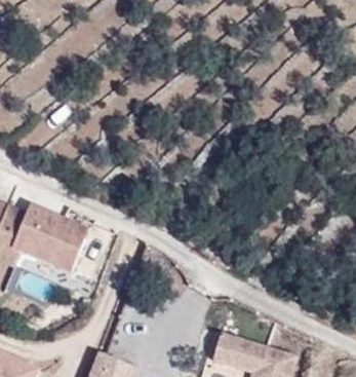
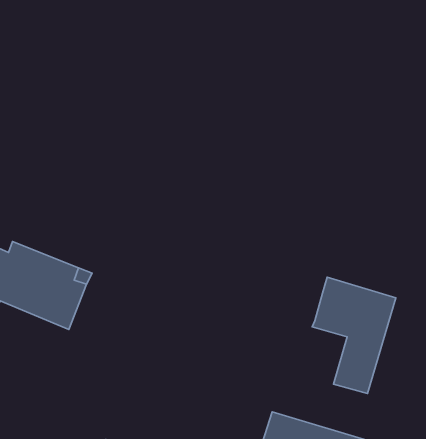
building: none -> [312,277,396,394]

